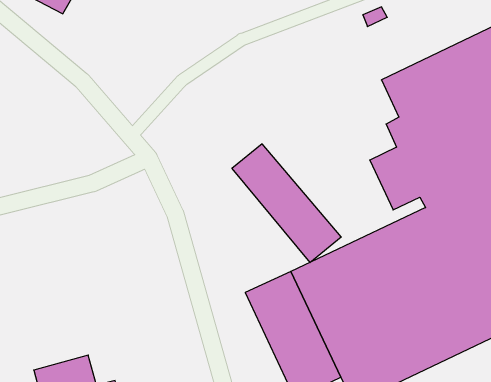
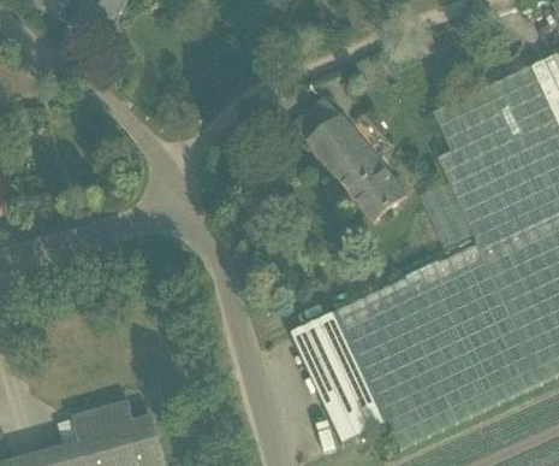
building: [232,144,341,262] -> [293,96,406,219]

